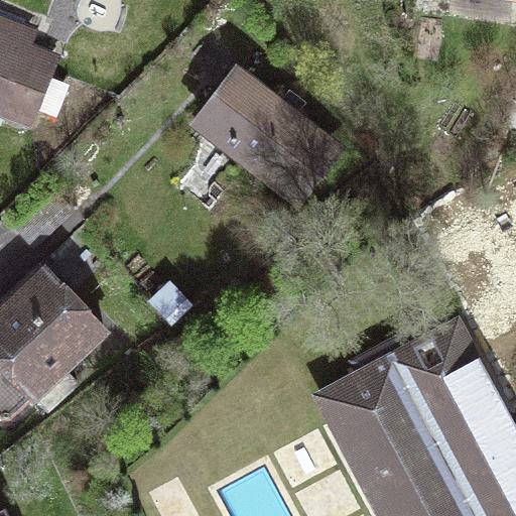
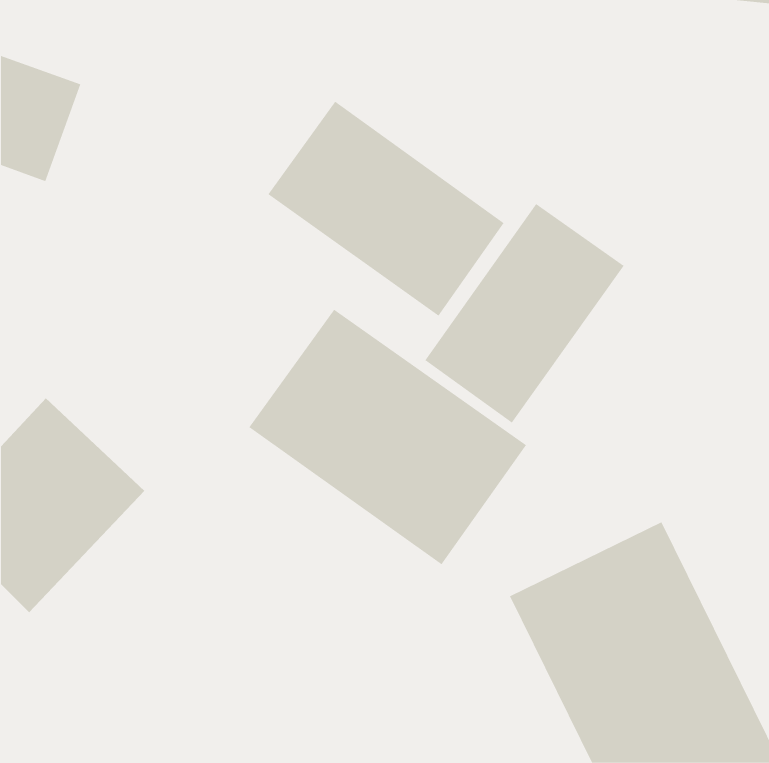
building: none -> [425,203,625,424]
building: none -> [248,309,527,565]

